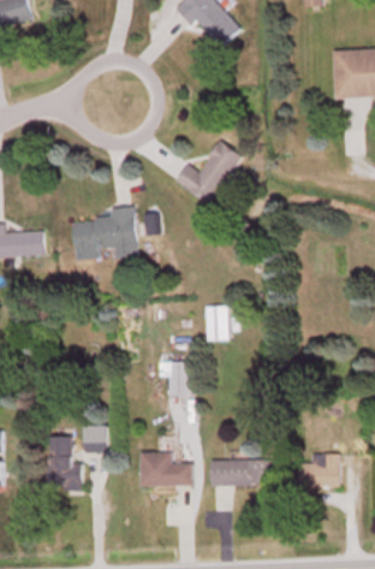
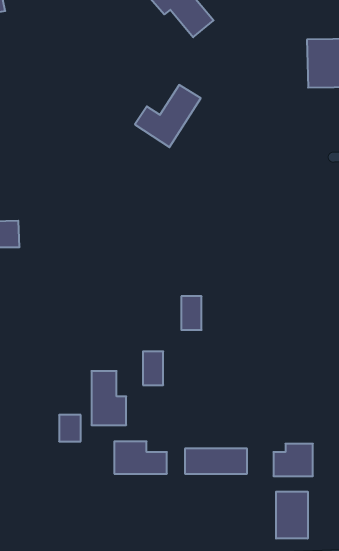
building: [174,142,240,205] -> [135,85,201,147]
building: [73,208,136,262] -> none
building: [47,437,82,491] -> [91,371,126,425]
building: none -> [276,492,308,539]

